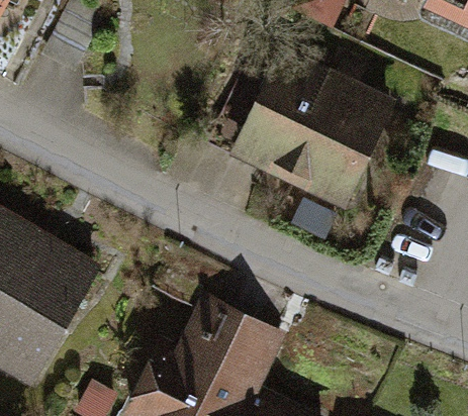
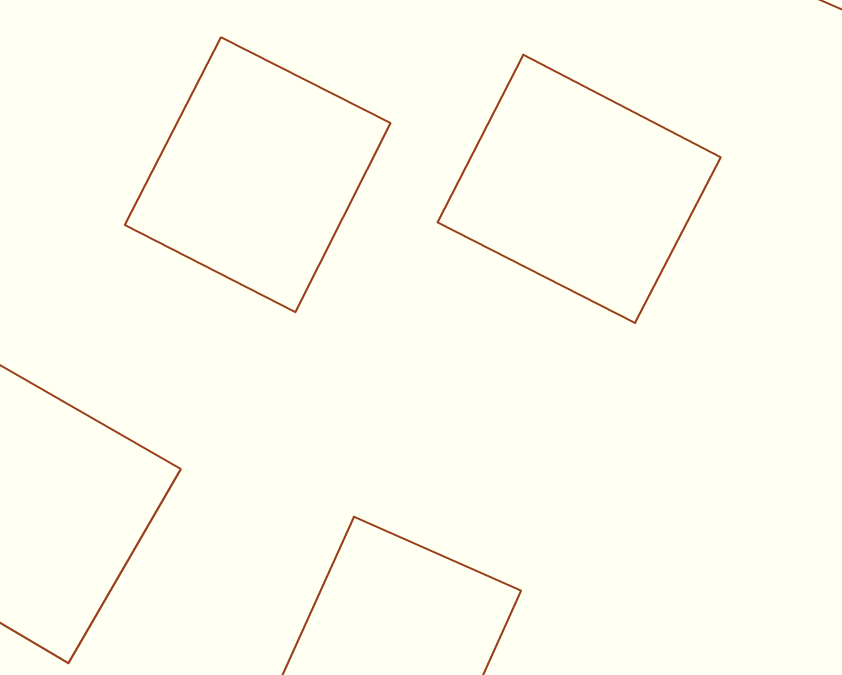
building: none -> [125,37,390,312]

